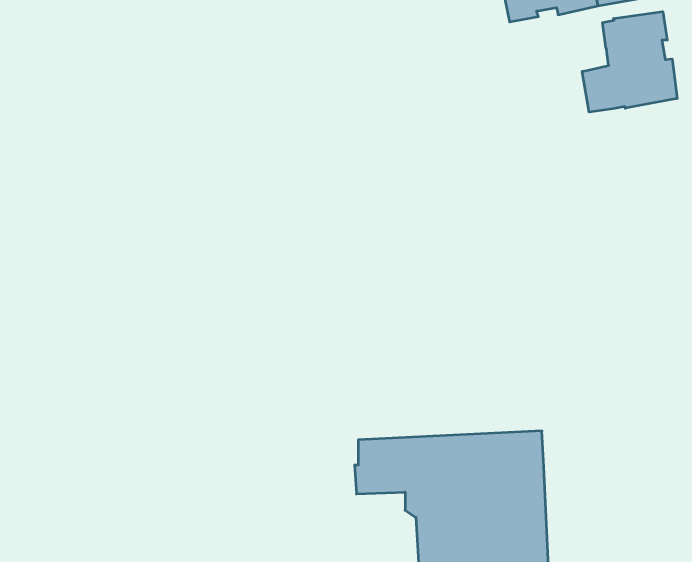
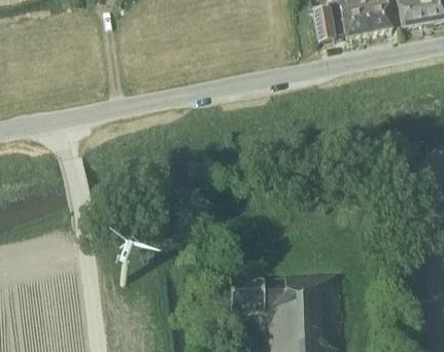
building: [582,12,677,112] -> none

